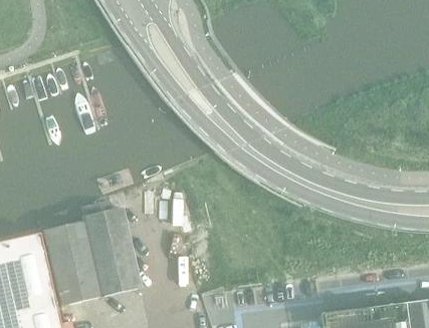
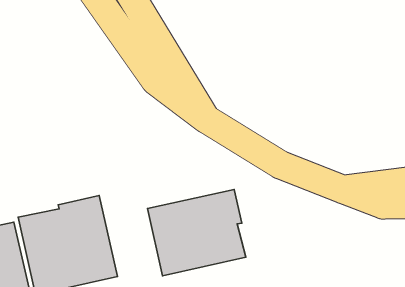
building: none -> [147,189,246,276]

